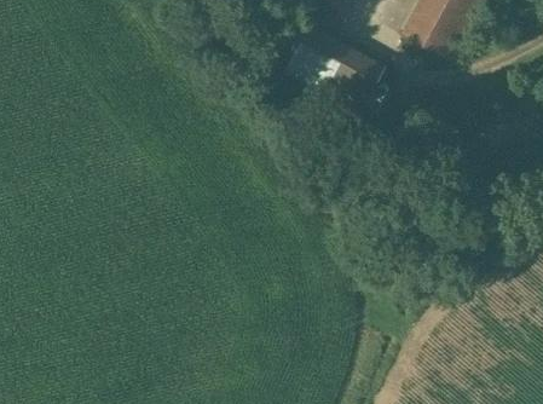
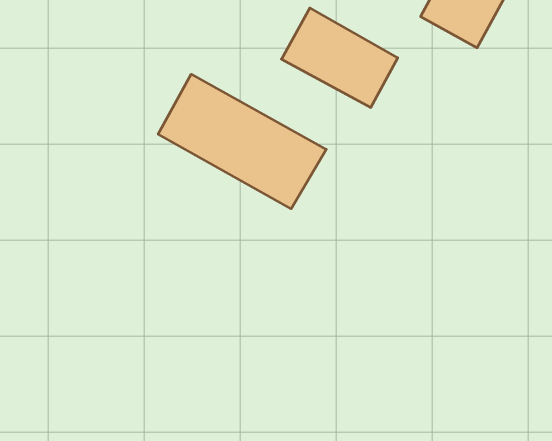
building: none -> [158,74,326,209]

